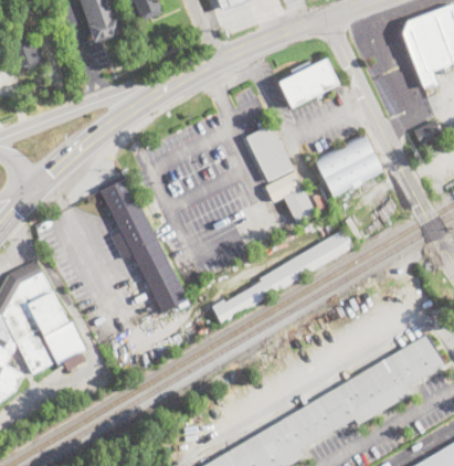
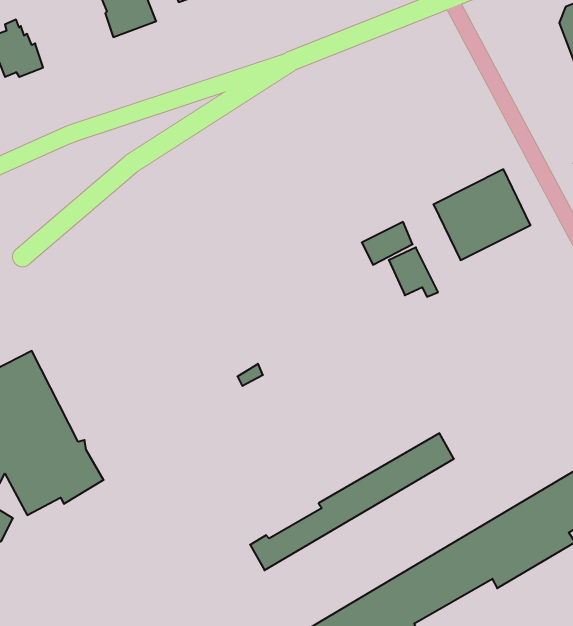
building: [278,61,337,108] -> none
building: [245,126,292,181] -> none
building: [101,179,188,314] -> none
building: [212,230,353,325] -> [250,433,454,570]

